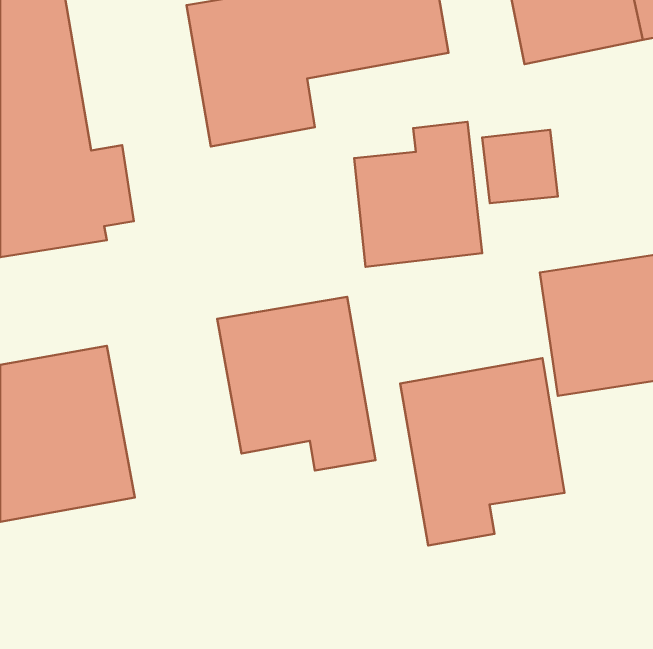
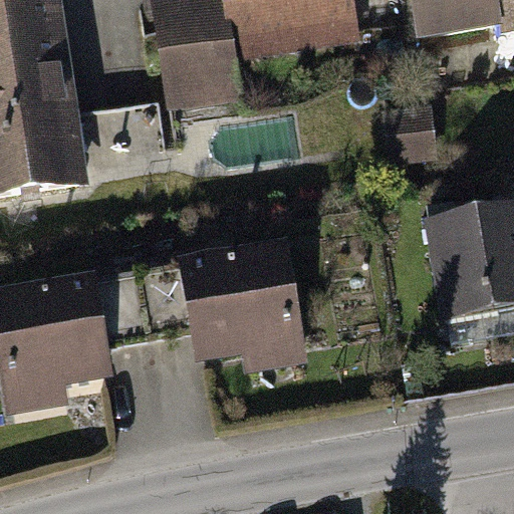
building: [354,122,482,267] -> none
building: [400,358,564,546] -> none

